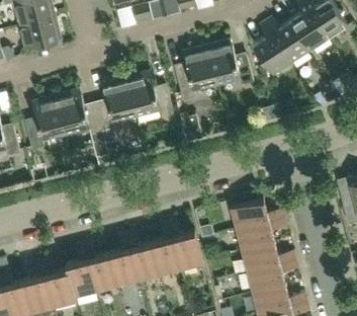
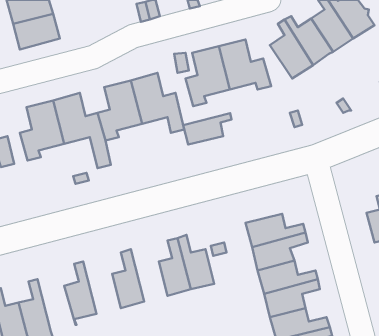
building: none -> [183,113,232,144]
building: [125,229,159,279] -> none
building: [82,240,116,290] -> none
building: [40,256,75,306] -> none

